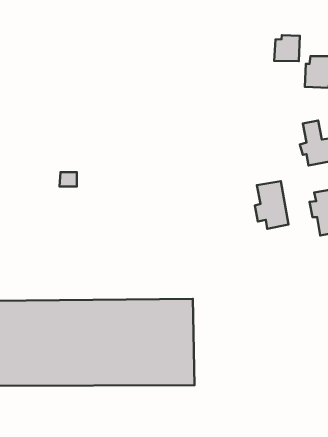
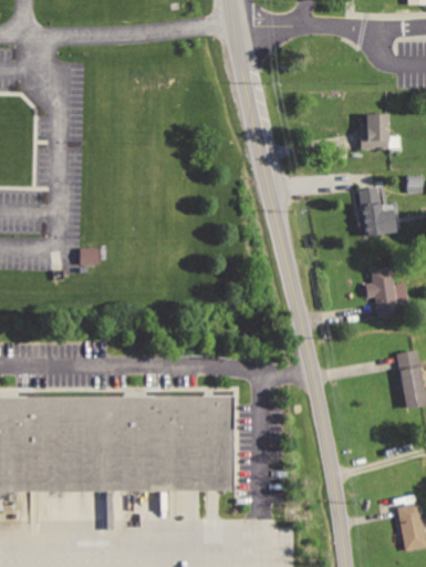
building: [274,35,300,61] -> none
building: [255,181,289,229] -> none

